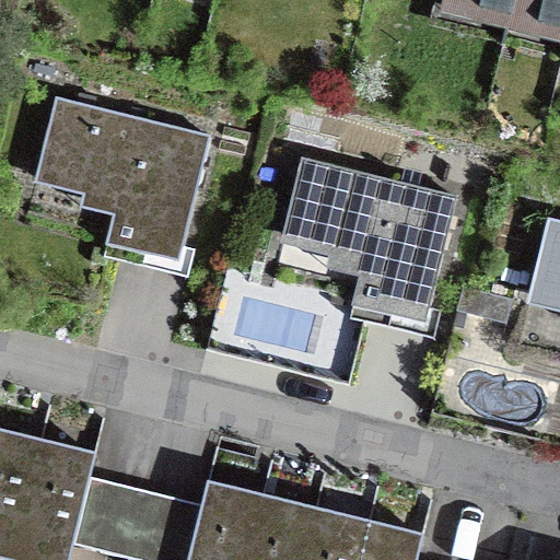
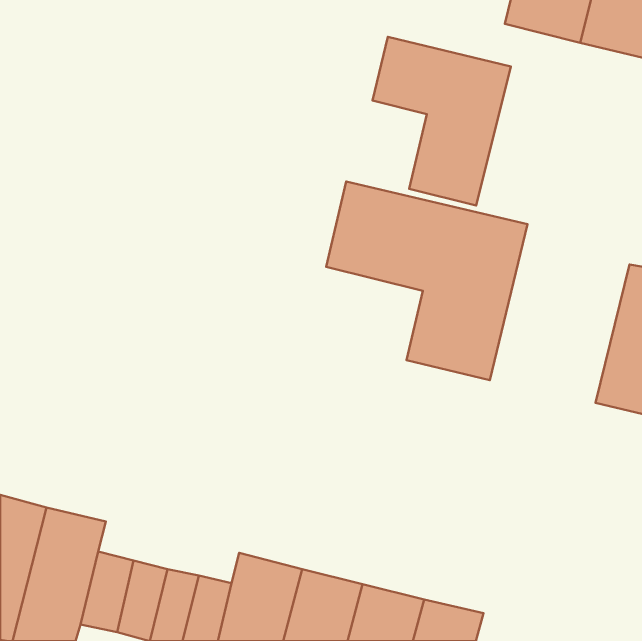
building: none -> [373,37,511,206]
building: [15,106,206,271] -> none

